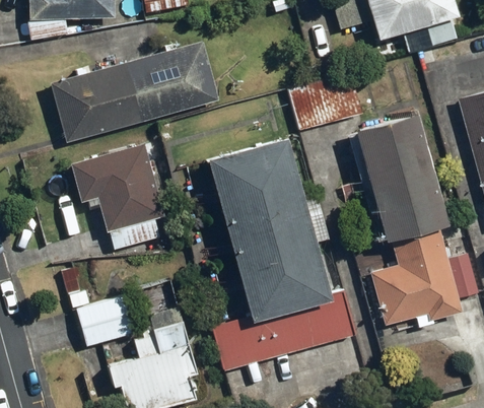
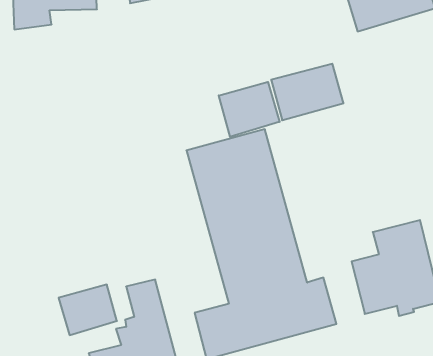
building: [51,40,221,142] -> none
building: none -> [219,82,280,137]
building: [353,115,445,243] -> none
building: [71,142,165,248] -> none

